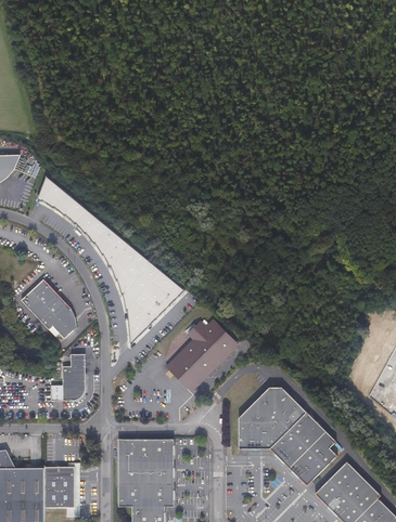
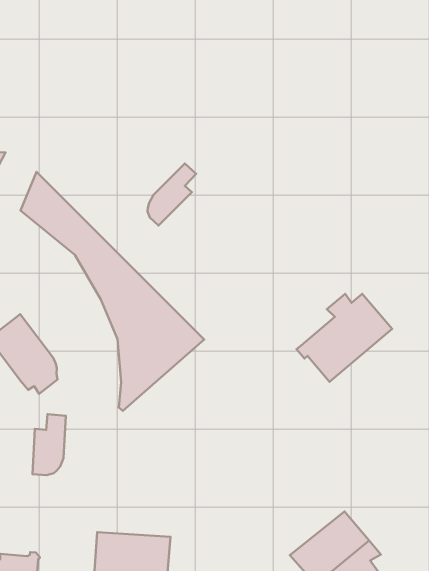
building: none -> [148,164,196,226]
building: [166,321,238,390] -> [297,294,392,382]
building: [234,382,304,446] -> none

